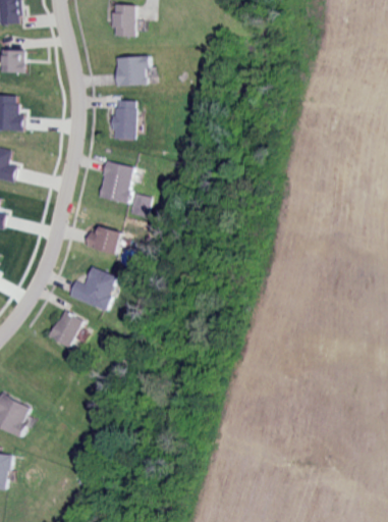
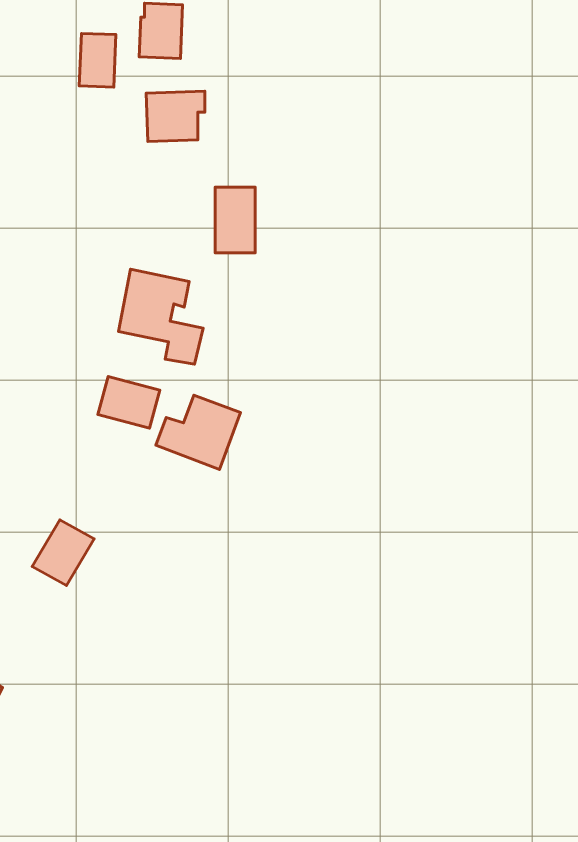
building: none -> [79,33,116,87]
building: [112,100,135,139] -> [215,187,255,253]
building: [68,267,118,311] -> [156,395,240,469]

